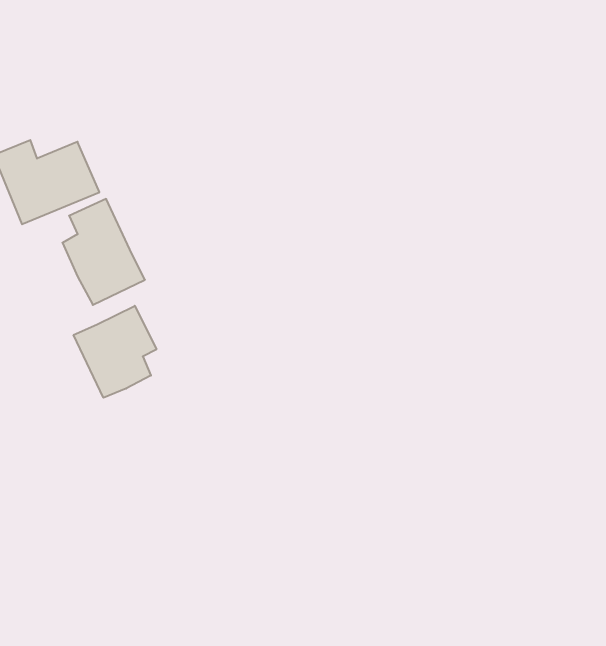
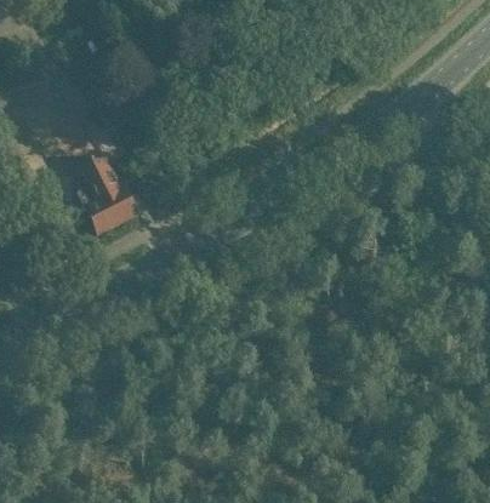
building: [74,306,156,398] -> none

